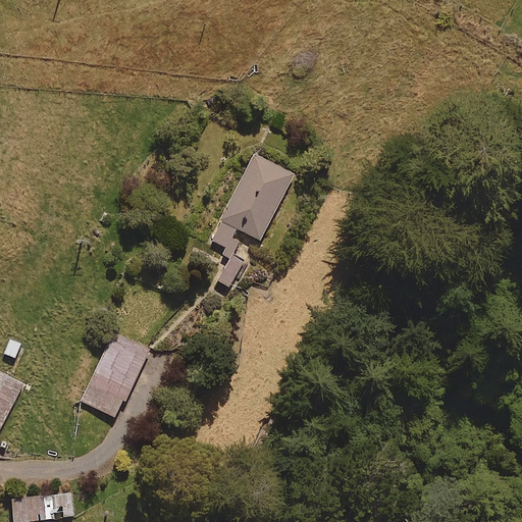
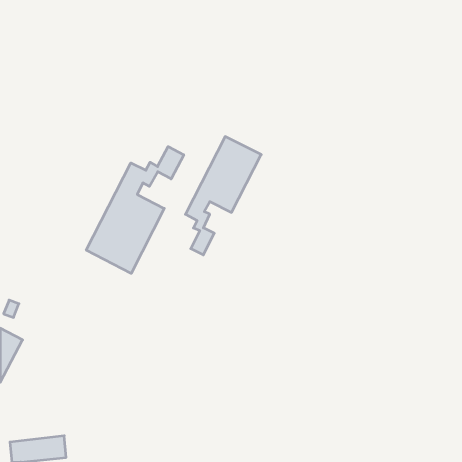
building: none -> [86,147,184,273]
building: [80,331,150,418] -> none

